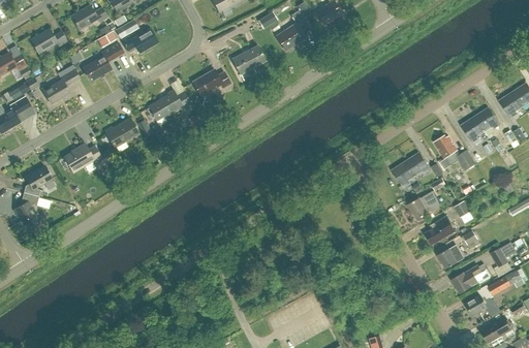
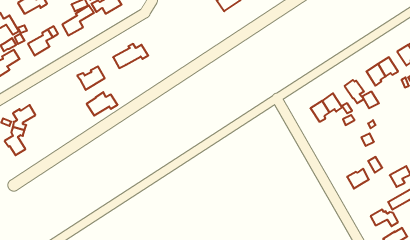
building: [231,44,266,73] -> none
building: [192,69,229,95] -> none
building: [64,143,102,171] -> [87,92,118,116]
building: [408,190,440,219] -> none
building: [426,215,456,244] -> none
building: [452,264,481,292] -> none

